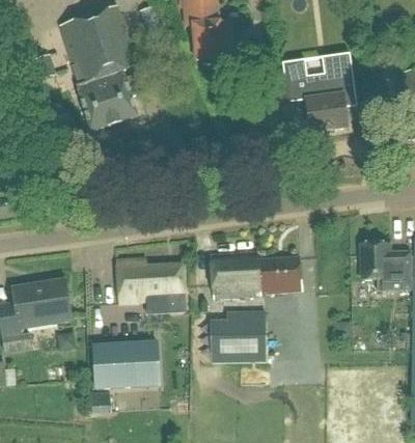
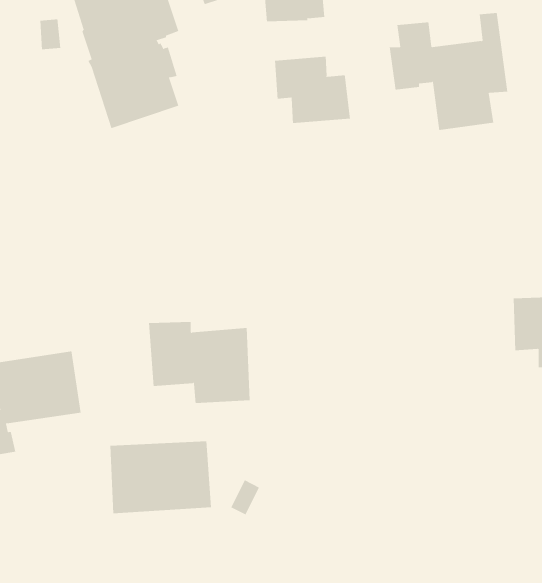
building: none -> [274,56,350,124]
building: [211,251,302,298] -> none
building: [209,308,265,361] -> none

